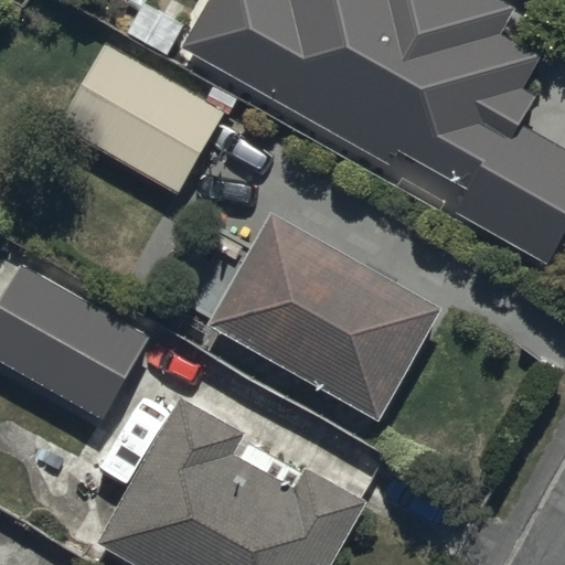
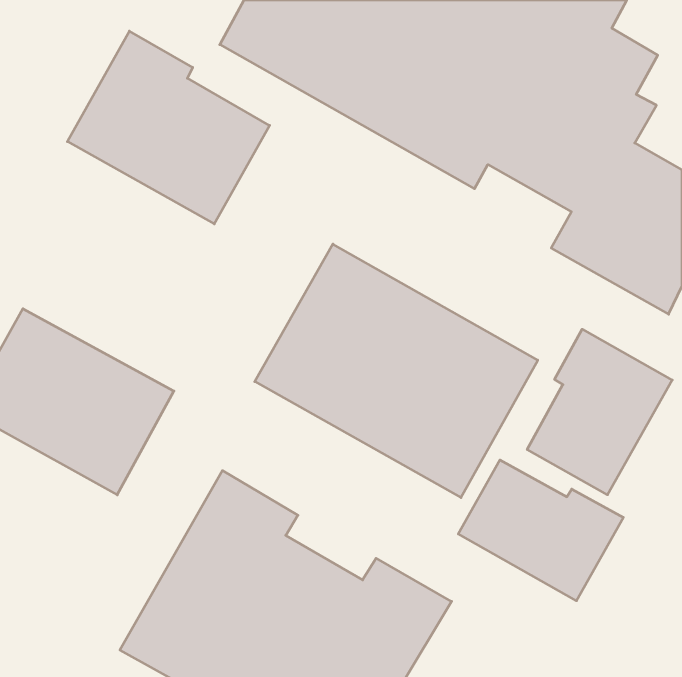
building: none -> [527,329,672,495]
building: none -> [458,460,623,601]

